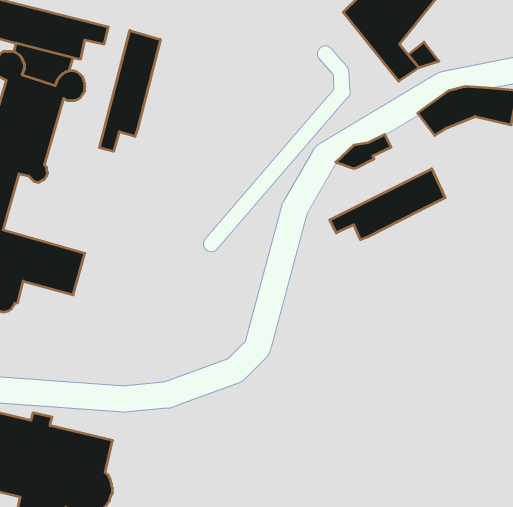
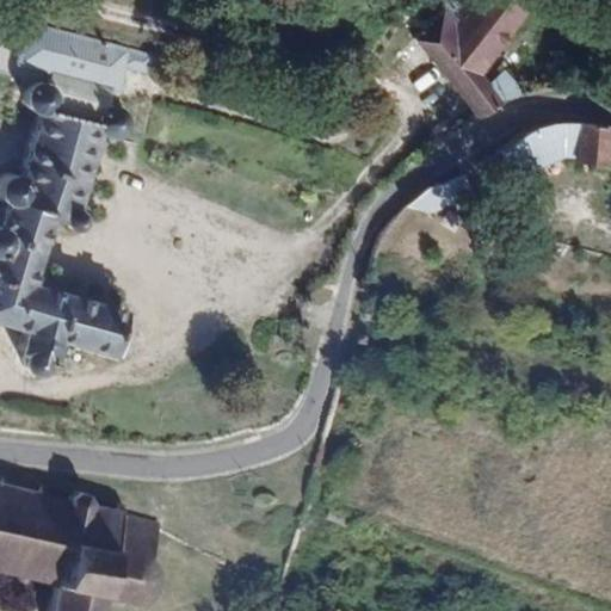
building: [99,30,160,151] -> none
building: [330,169,445,240] -> none

